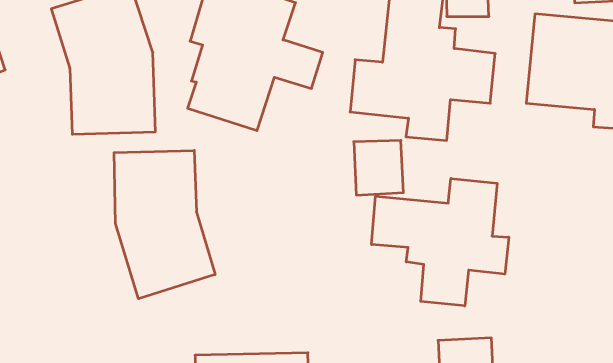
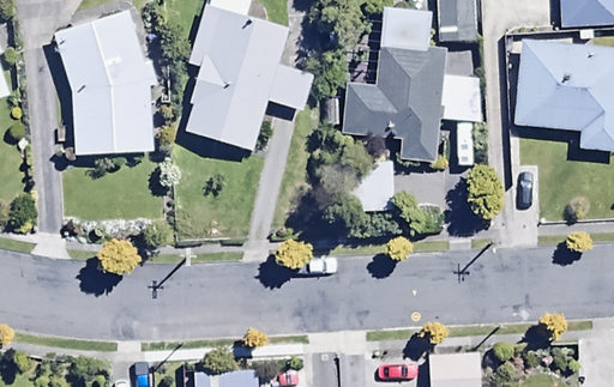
building: [114,150,215,299] -> none
building: [372,178,509,306] -> none

